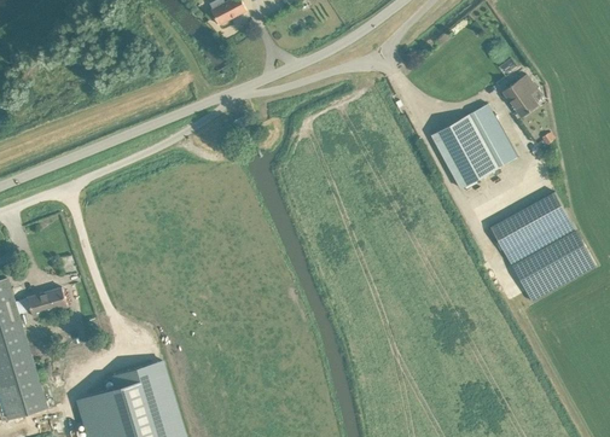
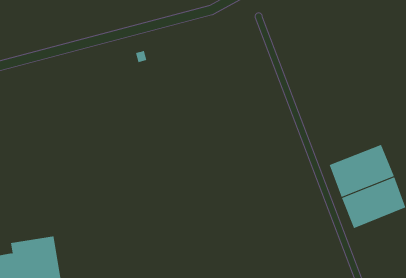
building: [501,76,536,117] -> none
building: [430,104,516,188] -> none

